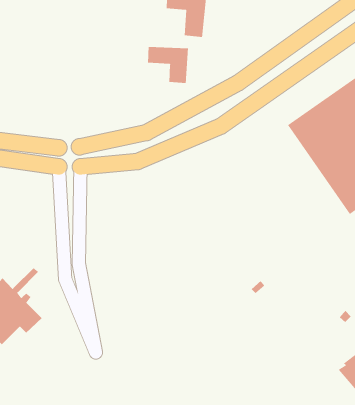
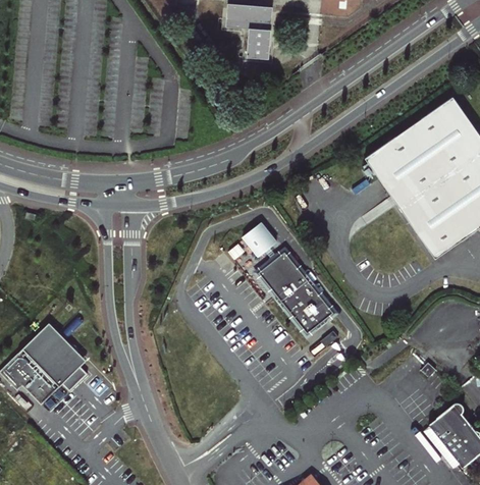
building: [147,46,189,84] -> none
building: none -> [244,222,334,333]

